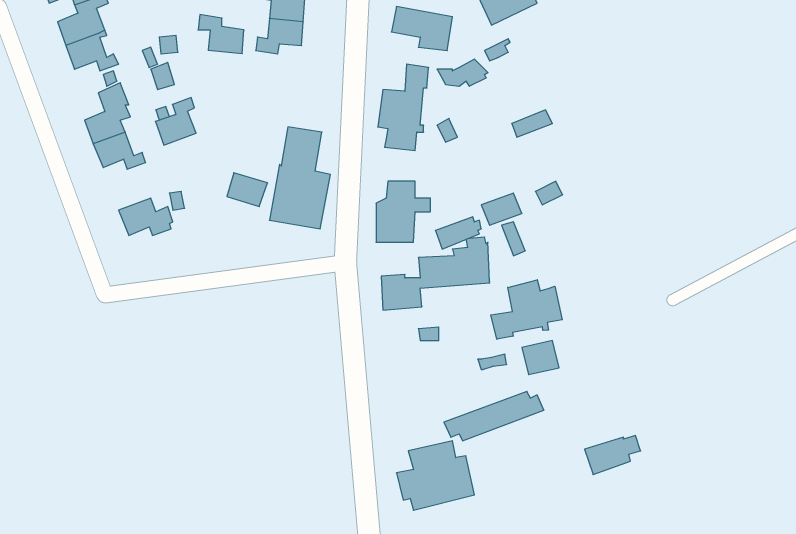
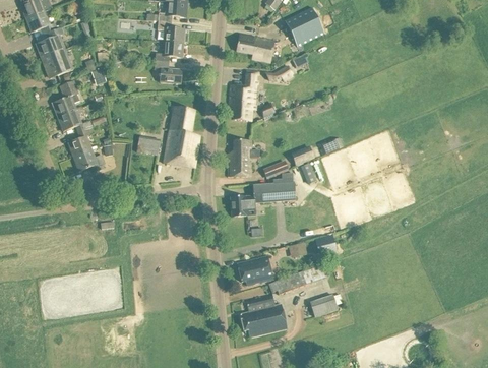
building: [198,15,244,54] -> [154,60,181,83]
building: [155,98,196,145] -> [67,127,92,156]
building: [491,280,562,339] -> none
building: none -> [236,254,272,284]
building: [585,436,641,475] -> [309,293,343,316]

